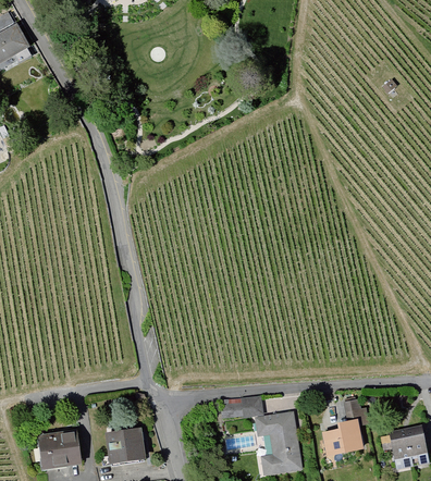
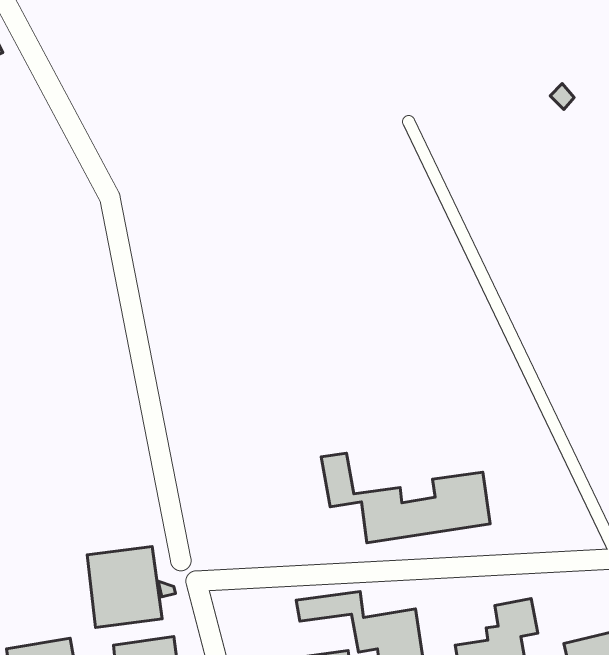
building: none -> [321,453,490,543]
building: none -> [87,547,162,627]

